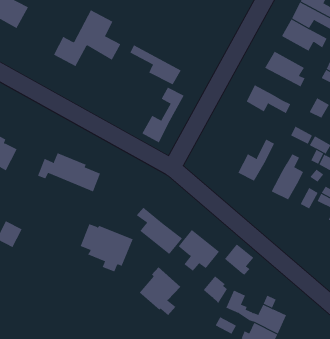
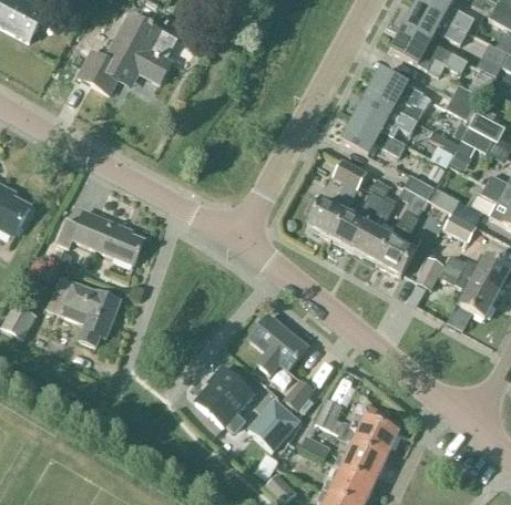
building: [129,45,181,85] -> none
building: none -> [354,93,417,137]
building: [141,87,184,143] -> [306,159,365,237]
building: none -> [354,197,394,262]
building: [136,207,183,255] -> none
building: [80,224,133,272] -> [47,278,120,344]
building: [224,244,254,276] -> none
building: none -> [247,396,299,450]

